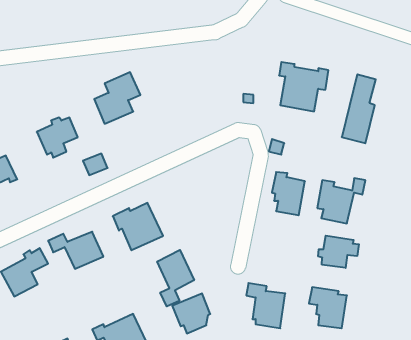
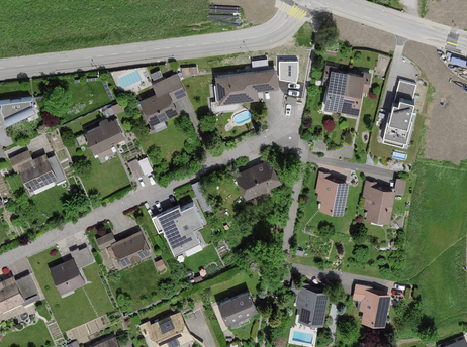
building: none -> [210,69,291,111]
building: none -> [236,158,285,201]
building: [318,236,359,268] -> none
building: [157,250,194,306] -> none

